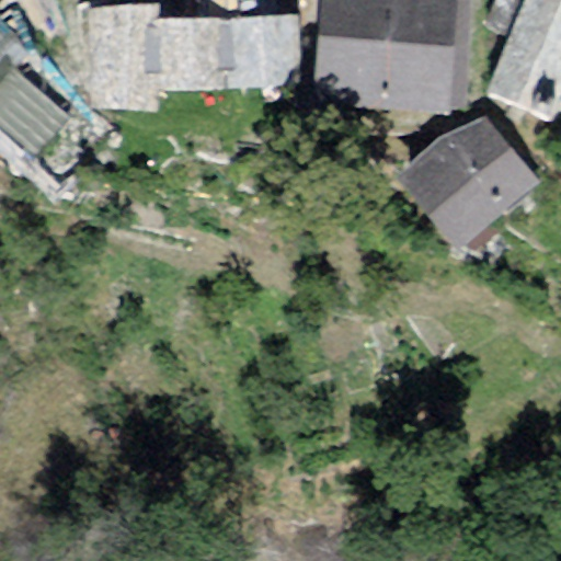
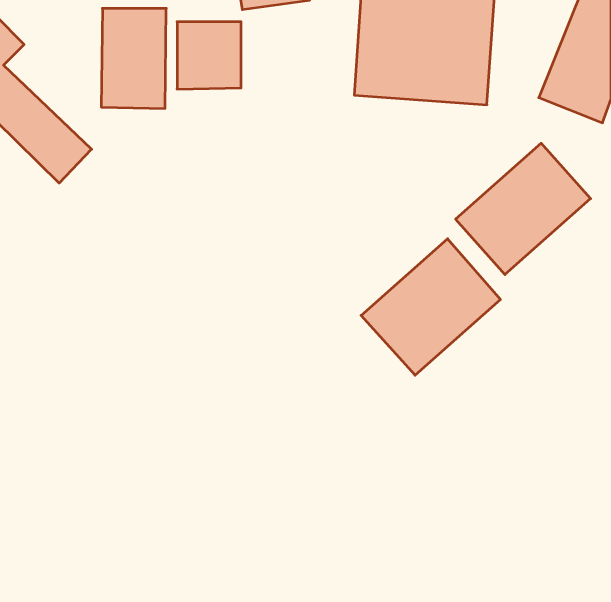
building: [225,12,298,80] -> none
building: none -> [361,239,500,375]

